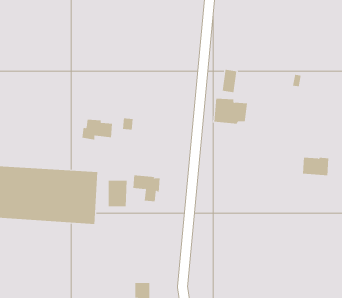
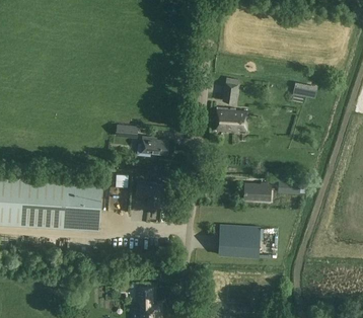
building: [82,119,113,140] -> [137,137,167,157]
building: [302,157,329,176] -> [244,183,271,202]
building: none -> [217,225,260,257]

